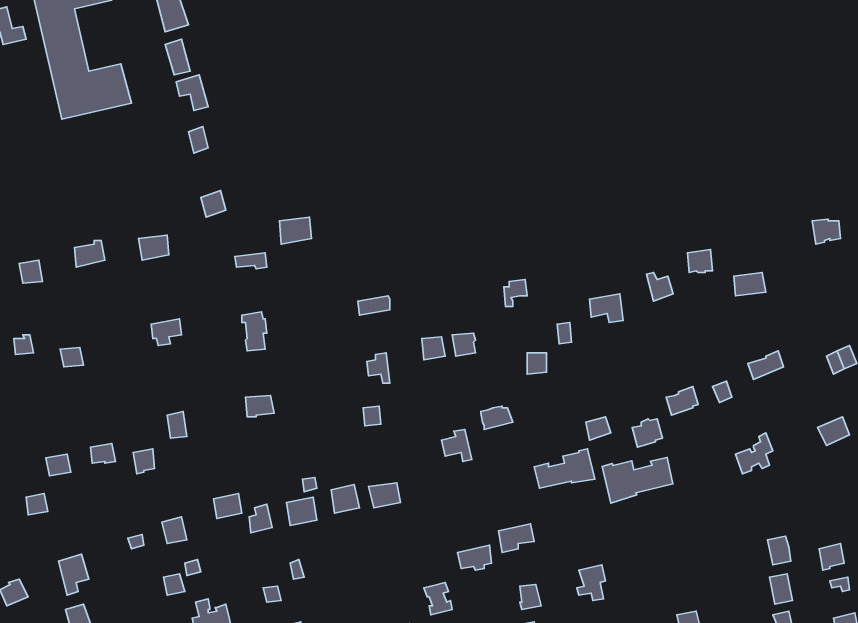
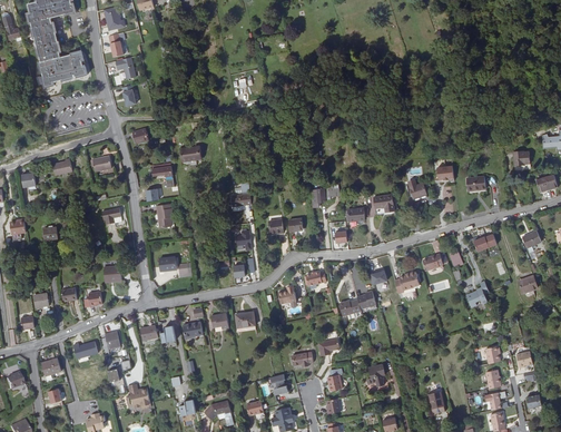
building: [602,457,673,503] -> none

